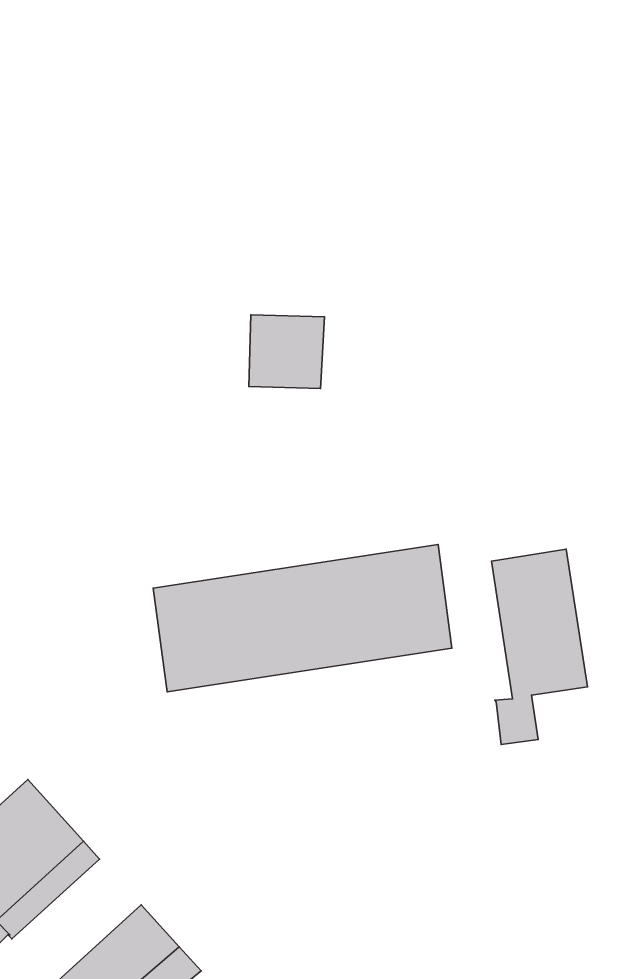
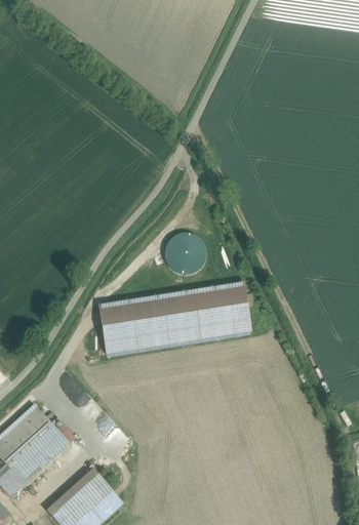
building: [249,315,325,388] -> [166,234,205,272]
building: [491,549,587,745] -> none

